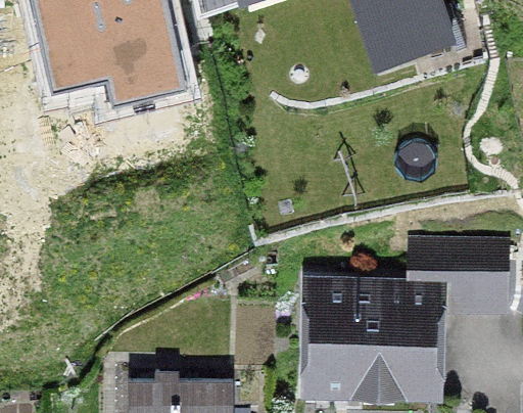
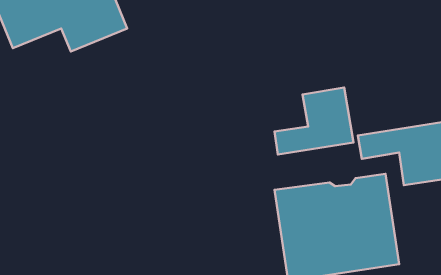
building: none -> [274,87,353,154]

